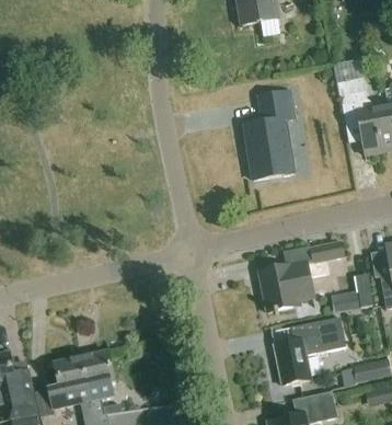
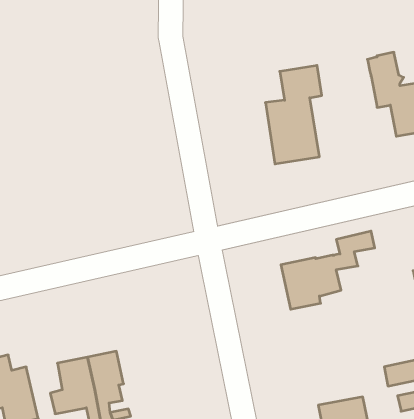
building: [331,274,373,312] -> none
building: [275,318,346,384] -> none

